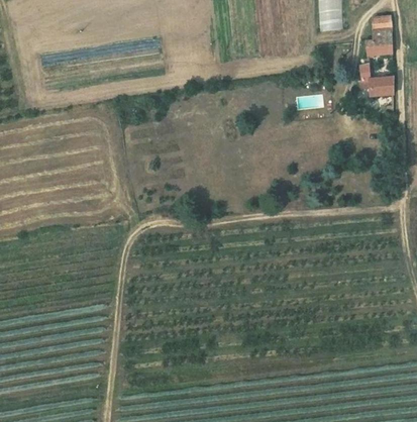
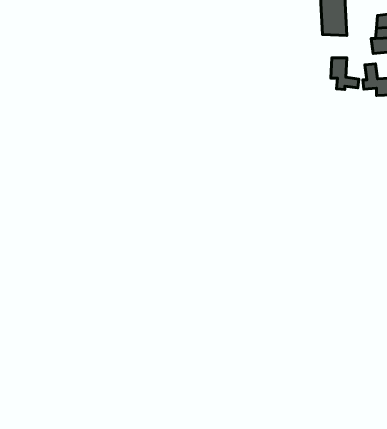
building: none -> [331,58,359,90]

